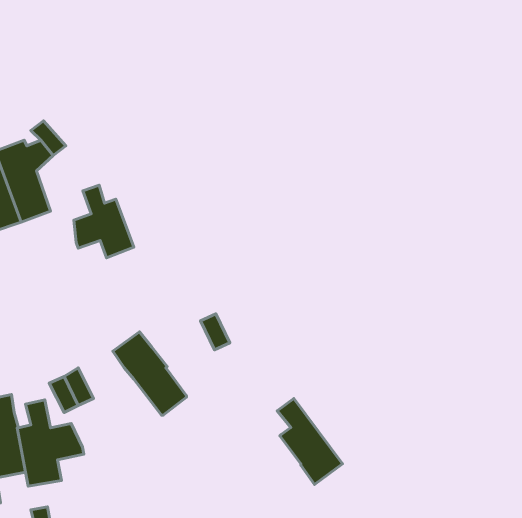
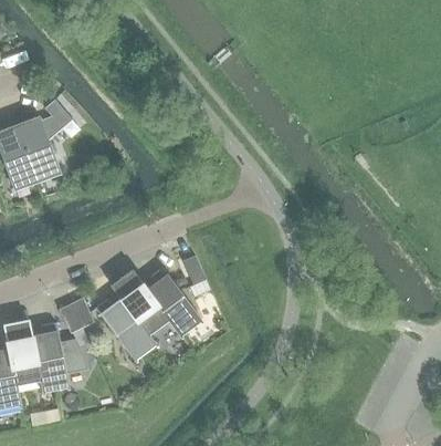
building: [74,185,134,258] -> none
building: none -> [95,299,156,360]
building: [277,398,342,485] -> [149,268,201,336]

